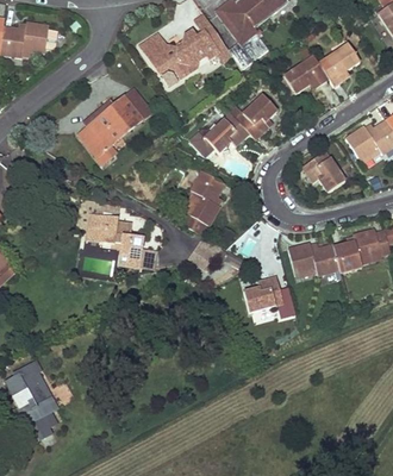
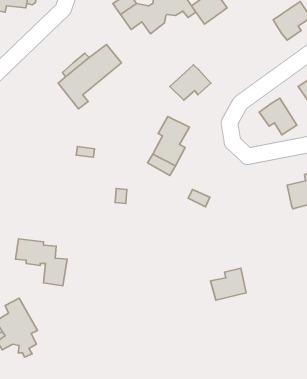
building: [283,56,328,93] -> none
building: [236,94,276,139] -> none
building: [87,214,144,267] -> [15,239,67,286]
building: [287,242,338,275] -> none
building: [243,276,282,312] -> [211,268,246,300]

